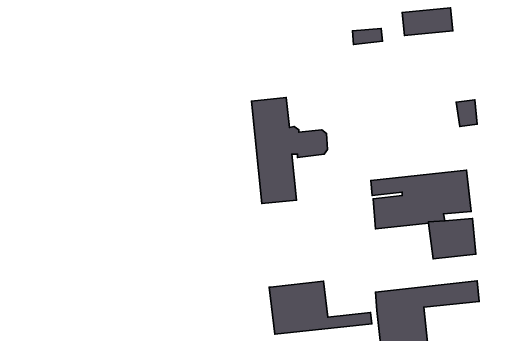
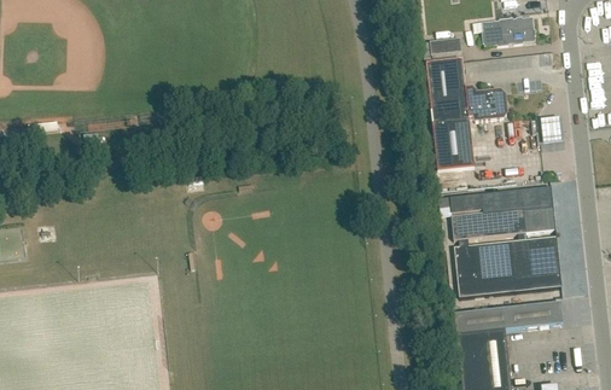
building: [251,98,328,204] -> [426,58,506,169]
building: [269,281,372,334] -> [453,241,560,297]

